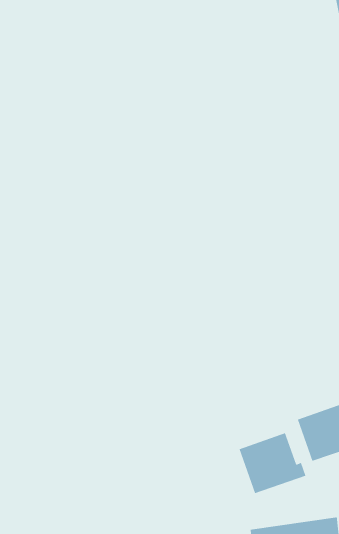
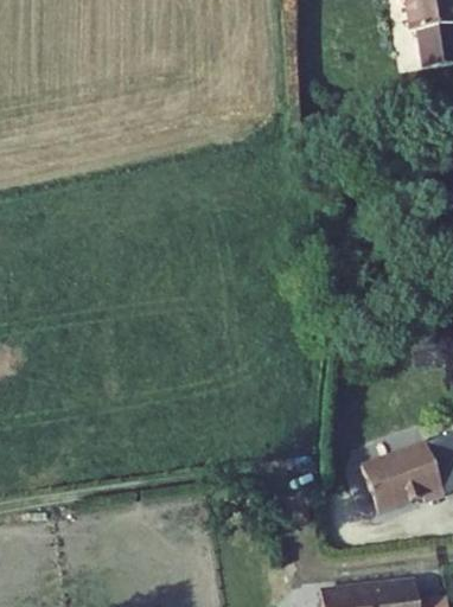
building: [238,432,306,494] -> none

